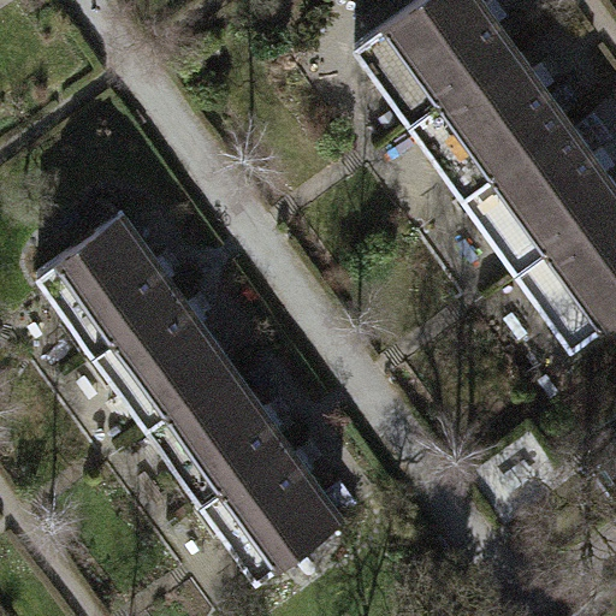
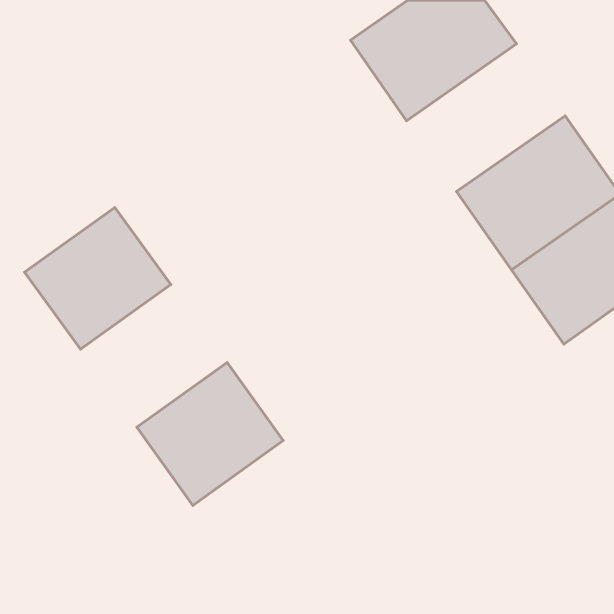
building: [410,53,567,199] -> none
building: [89,290,233,431] -> none
building: [200,444,344,584] -> none

